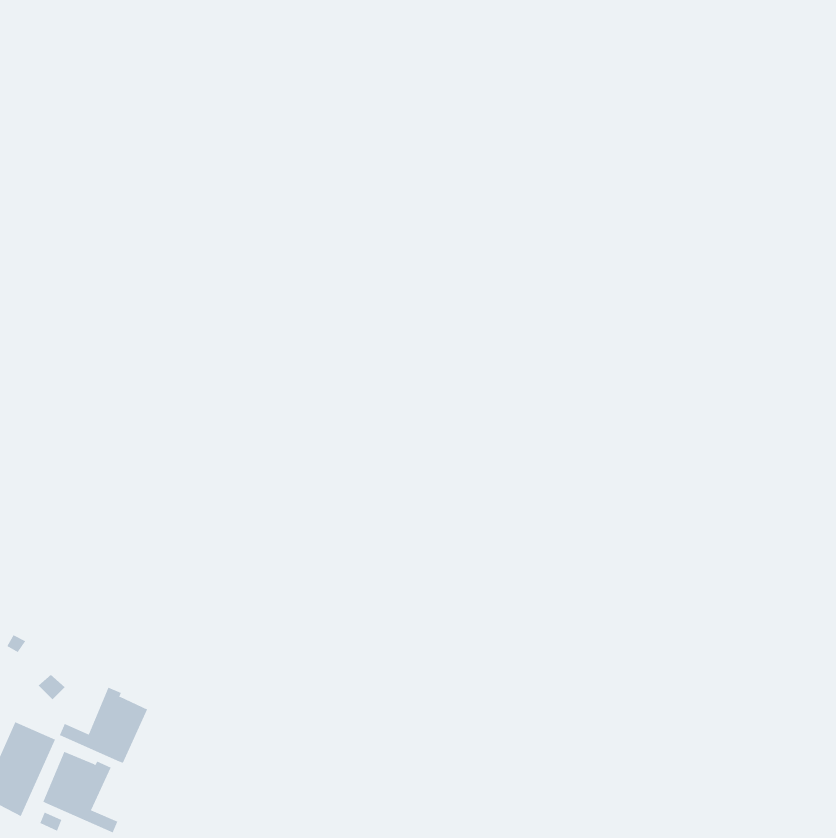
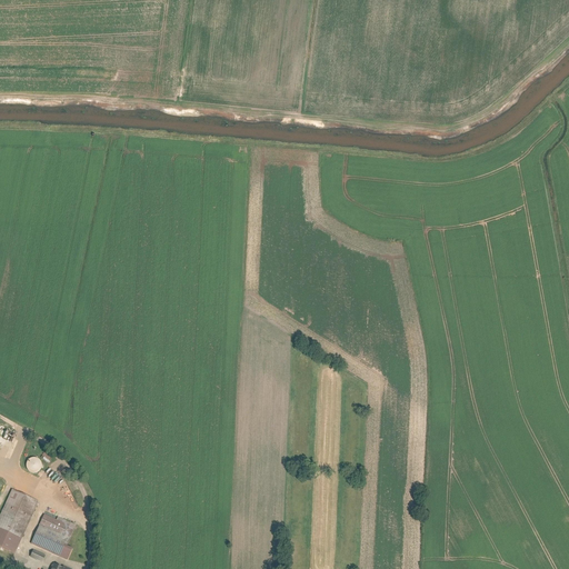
building: [59,687,148,764] -> none

